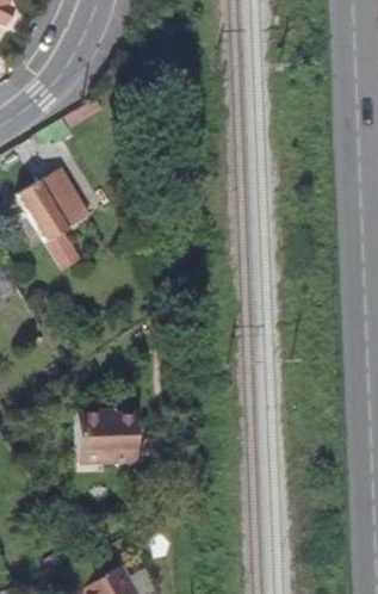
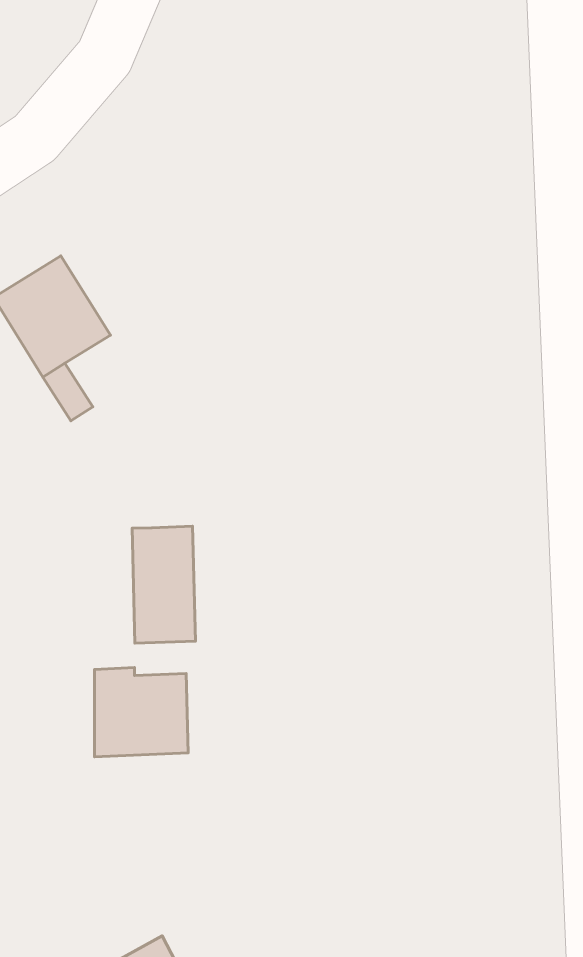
building: none -> [132,526,195,643]

